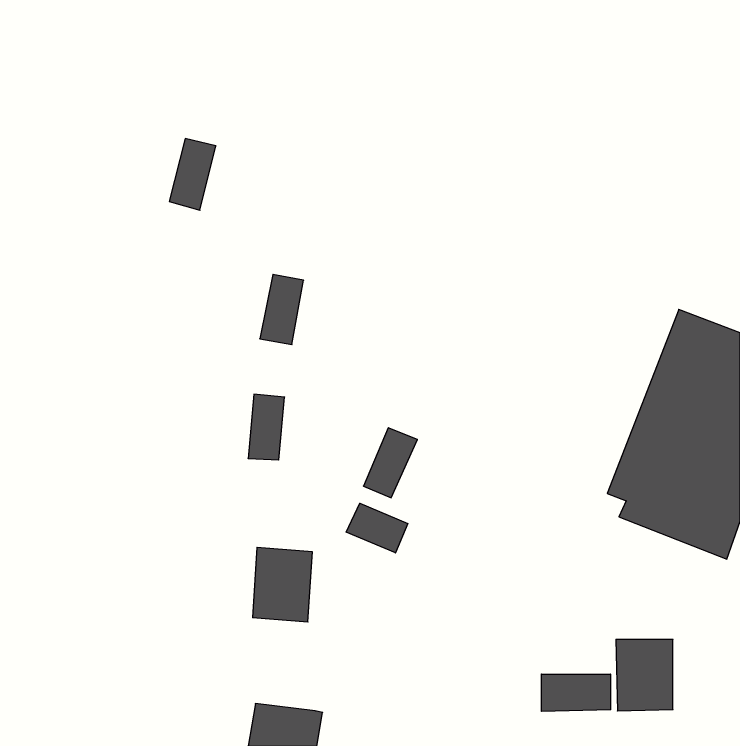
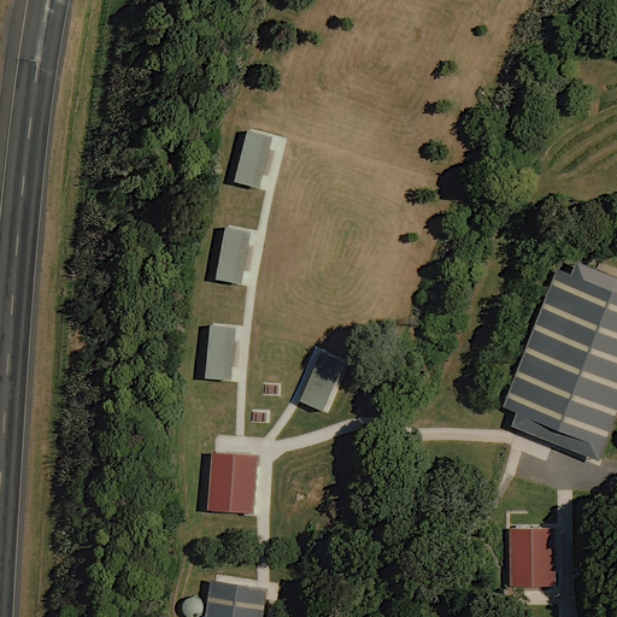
building: [169,139,216,210] -> [234,130,272,189]
building: [346,503,408,553] -> none
building: [541,674,611,711] -> none

